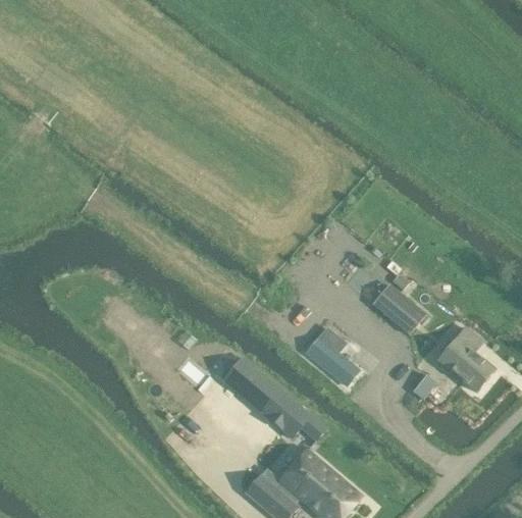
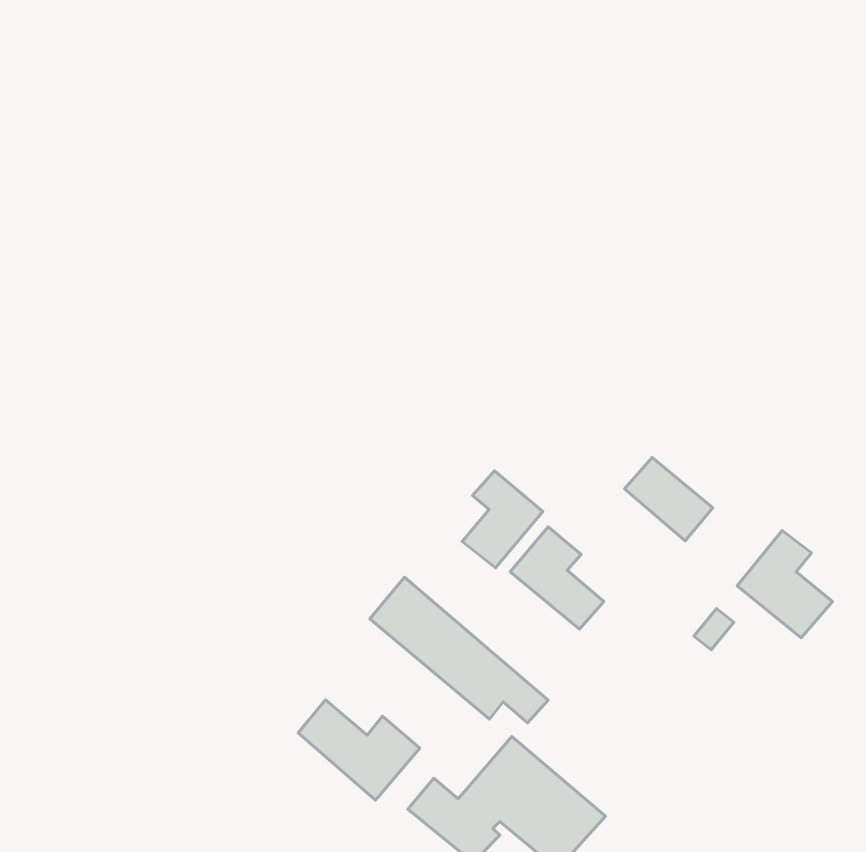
building: none -> [462,471,543,568]
building: none -> [298,700,420,800]

